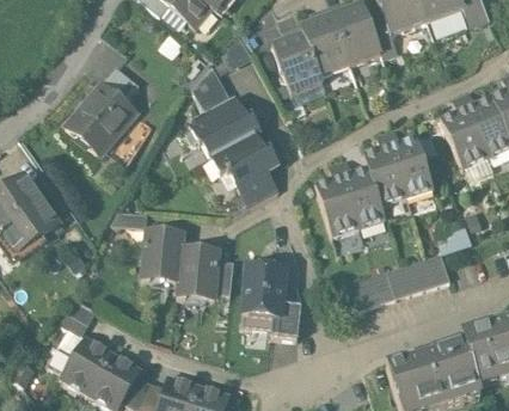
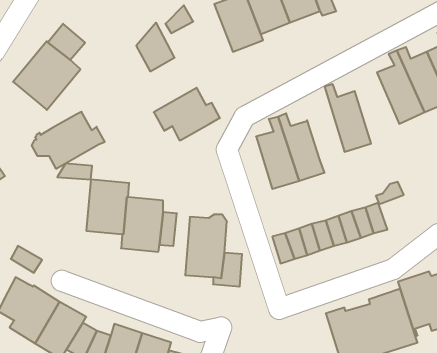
building: [186,99,262,158] -> [32,112,105,169]
building: [364,131,407,207] -> none
building: [239,170,280,207] -> none

